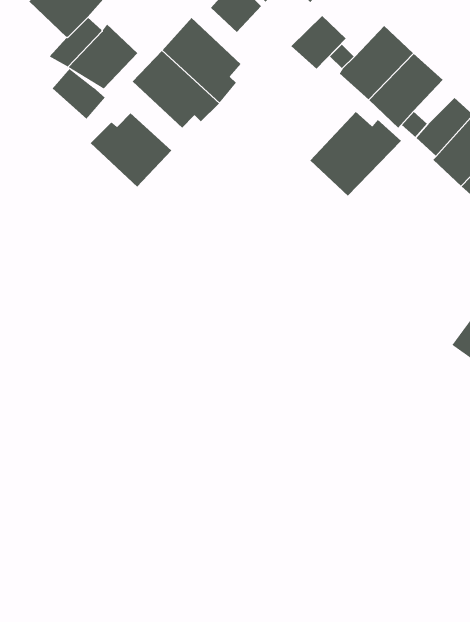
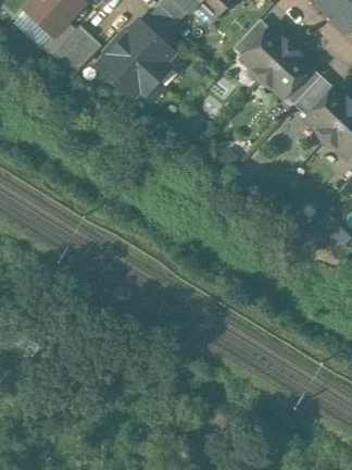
building: [291,15,346,70] -> none
building: [52,68,105,120] -> none
building: [309,111,402,196] -> none
building: [90,112,172,187] -> none

